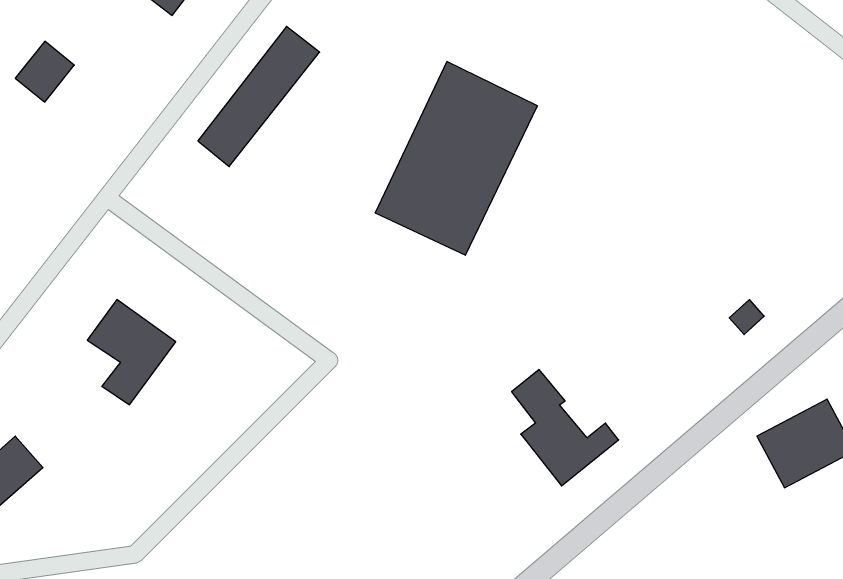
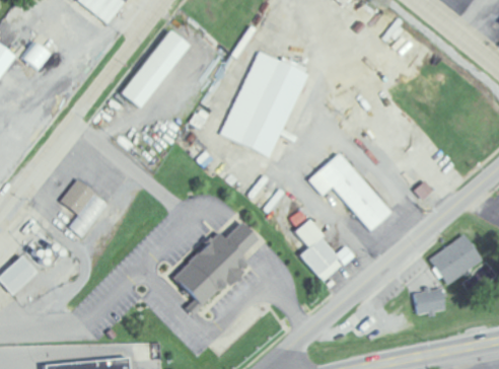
building: none -> [308,153,390,231]
building: none -> [170,223,256,307]
building: none -> [413,287,446,316]

